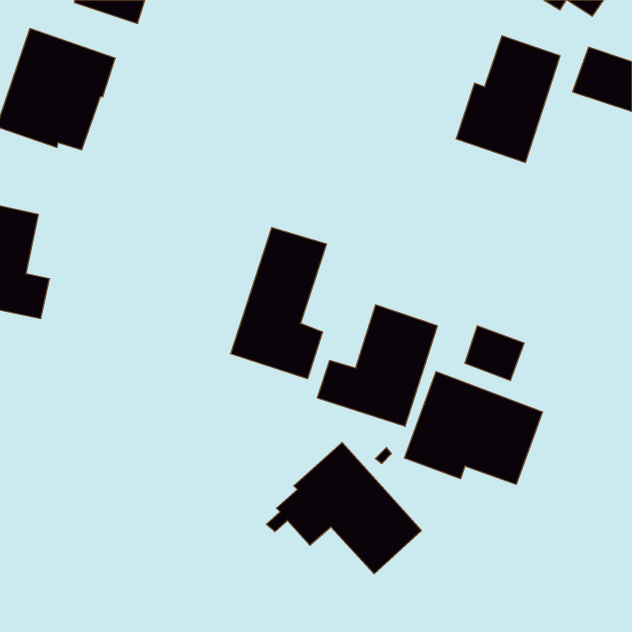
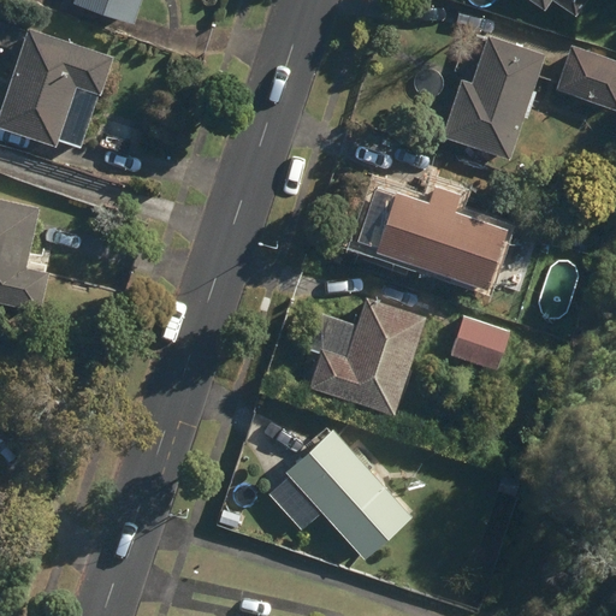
building: none -> [374,185,504,288]
building: [231,227,327,379] -> none
building: [405,372,542,484] -> none

